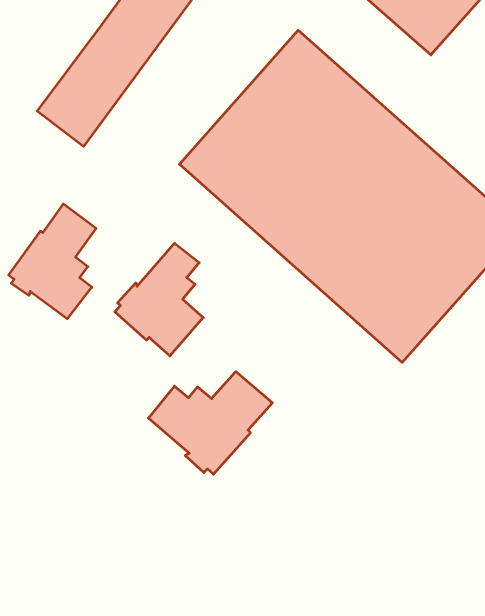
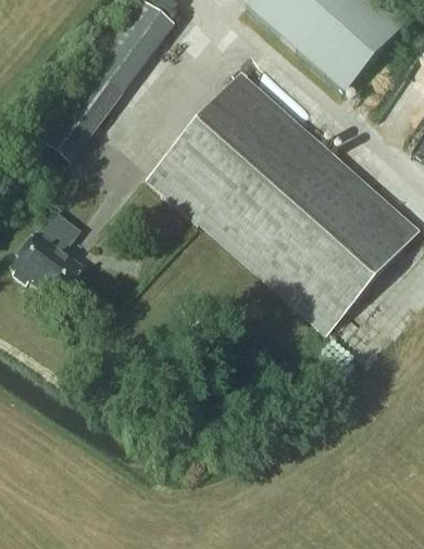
building: [115,243,203,356] -> none
building: [148,372,272,474] -> none

